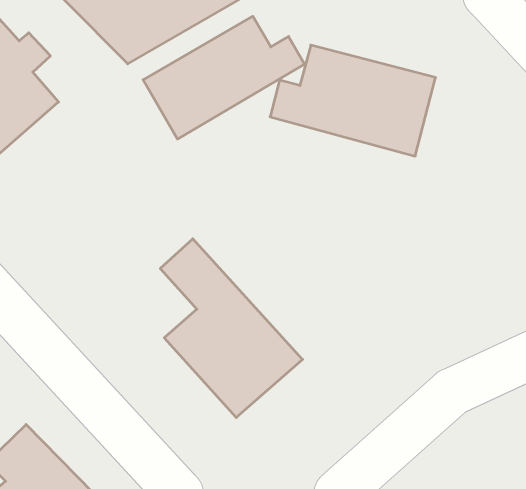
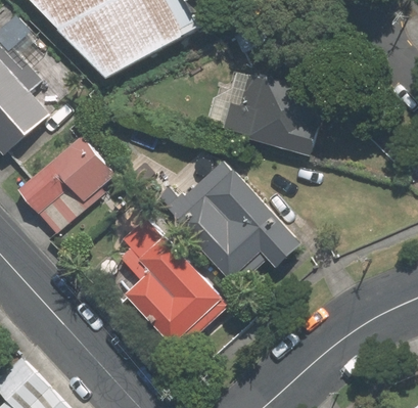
building: [143,16,305,139] -> none
building: none -> [19,133,117,231]
building: none -> [150,156,296,279]

